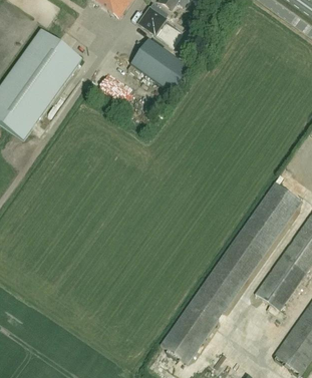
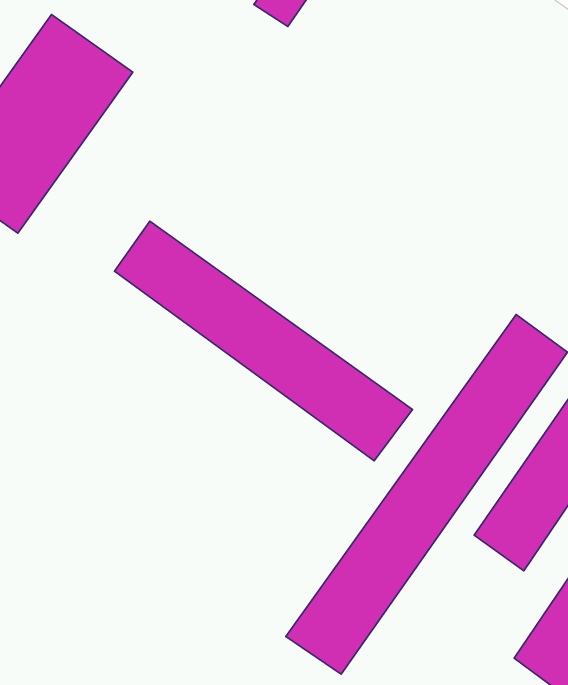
building: [131,37,192,92] -> none
building: none -> [115,221,413,461]

